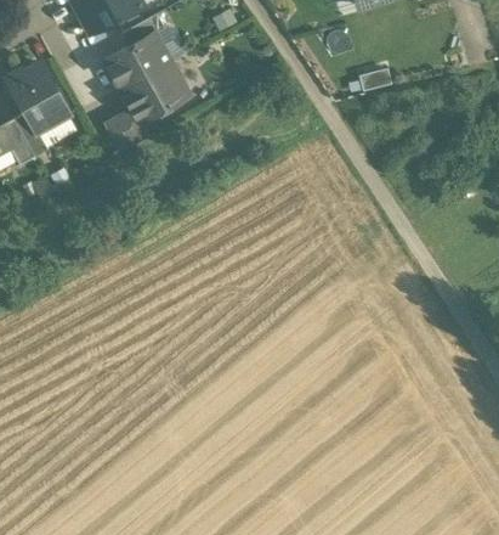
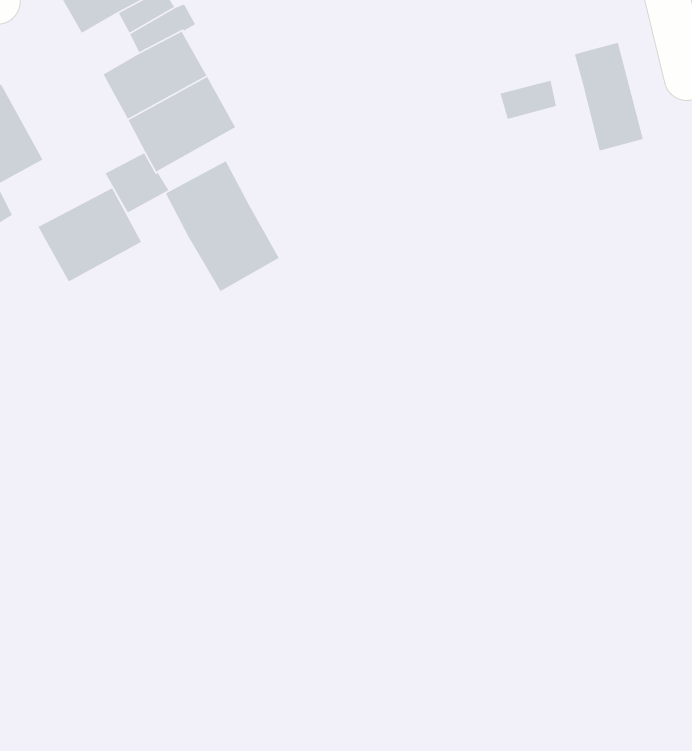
building: none -> [574,42,644,152]
building: none -> [165,160,280,292]
building: none -> [37,187,142,282]

